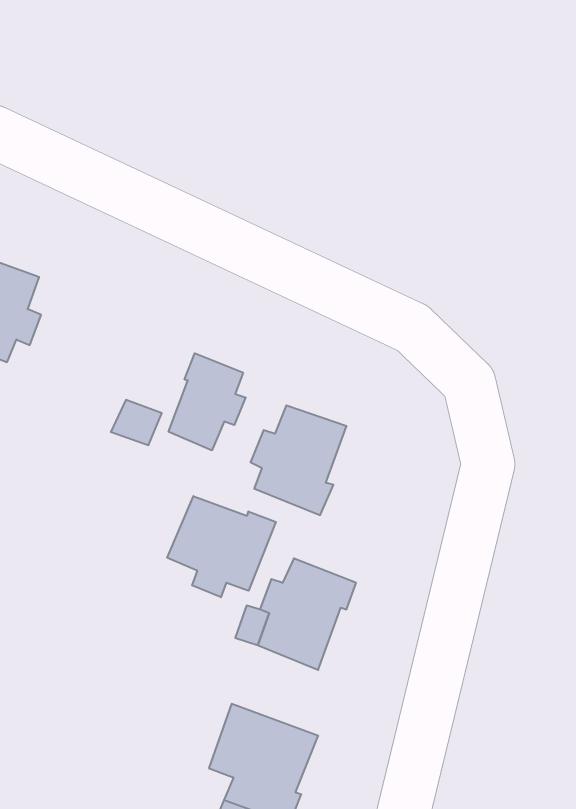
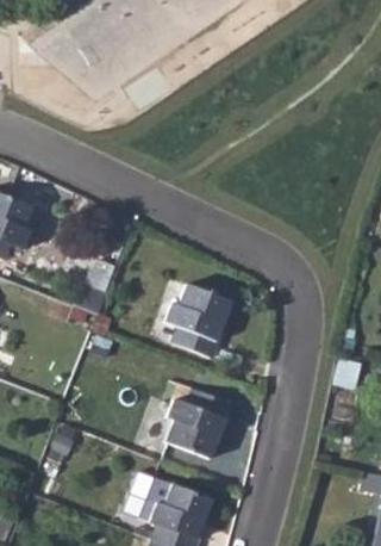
building: [169,353,246,450] -> none
building: [167,496,276,597] -> none

